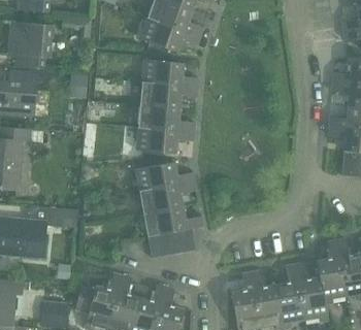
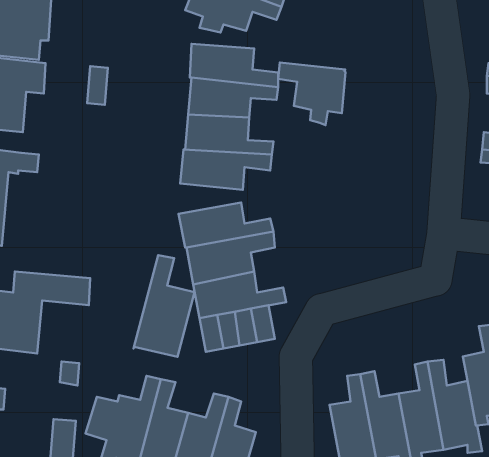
building: none -> [278,62,346,125]
building: none -> [134,255,195,357]

